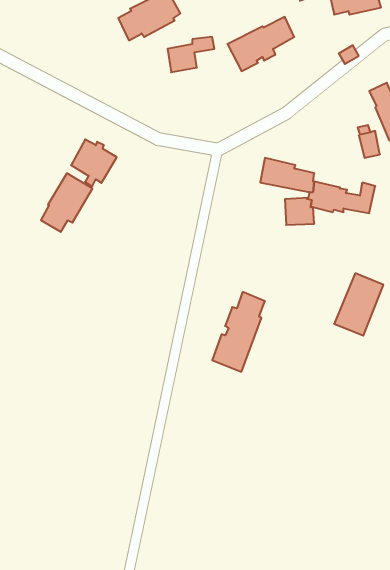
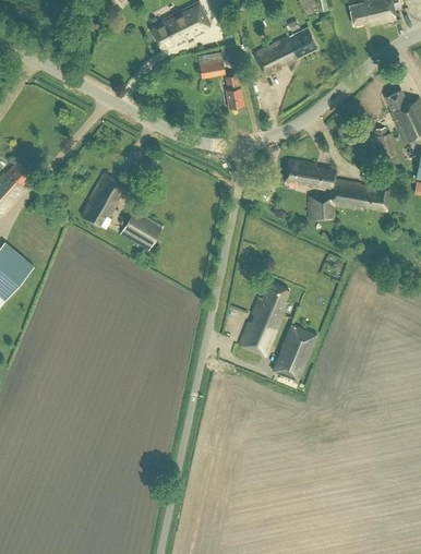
building: none -> [226,74,244,107]
building: [71,139,117,186] -> [121,209,164,253]
building: [334,273,383,336] -> [270,324,316,382]

